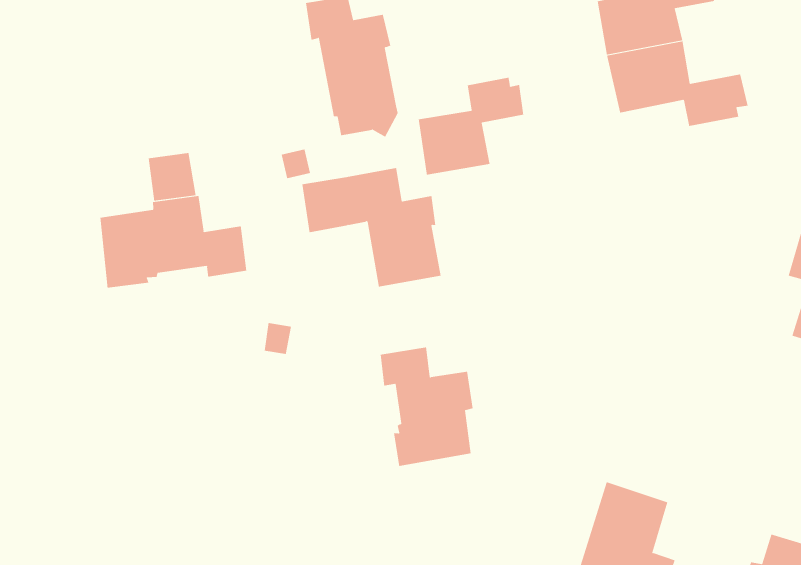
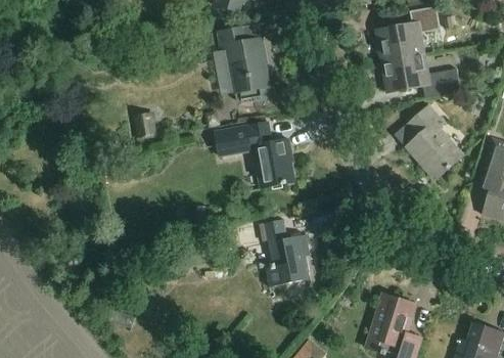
building: [418,77,524,175] -> none
building: none -> [407,103,464,178]
building: [100,195,247,289] -> none

